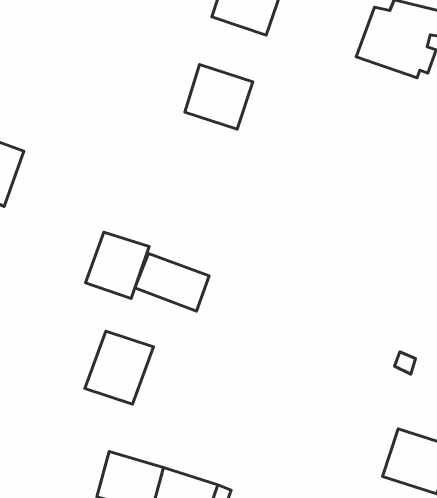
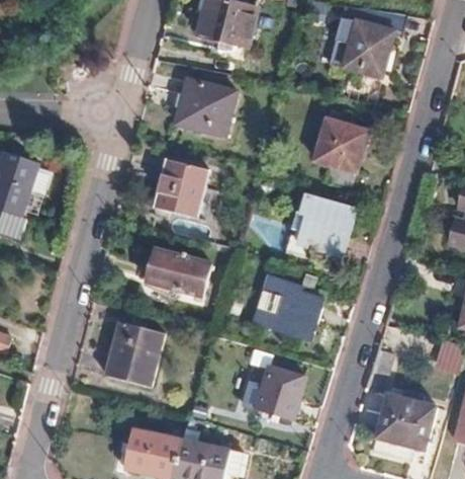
building: none -> [312,121,367,171]
building: none -> [294,195,352,265]
building: [86,232,149,298] -> [154,160,208,218]
building: none -> [253,275,322,339]
building: none -> [258,362,306,415]

